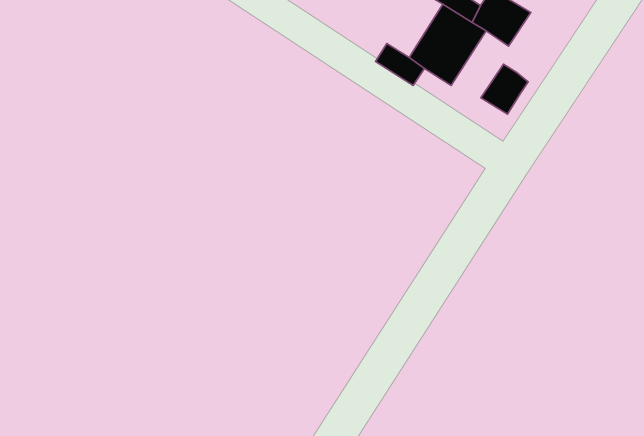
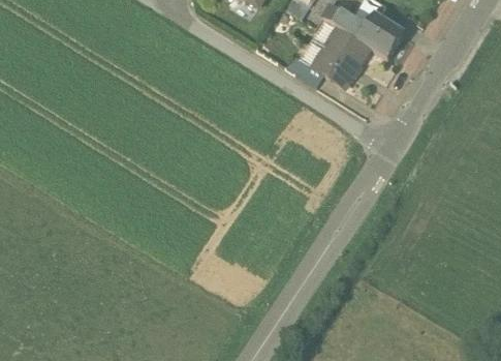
building: [481,64,528,114] -> none

